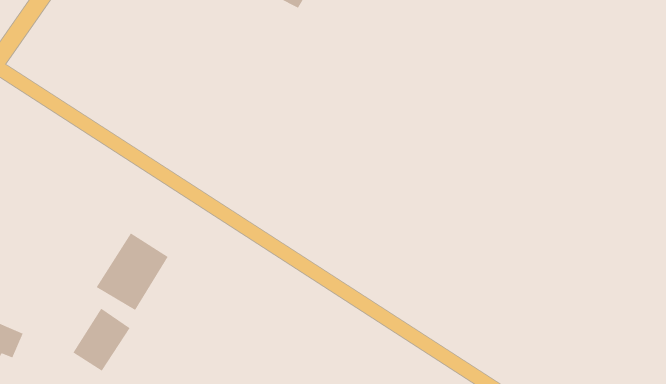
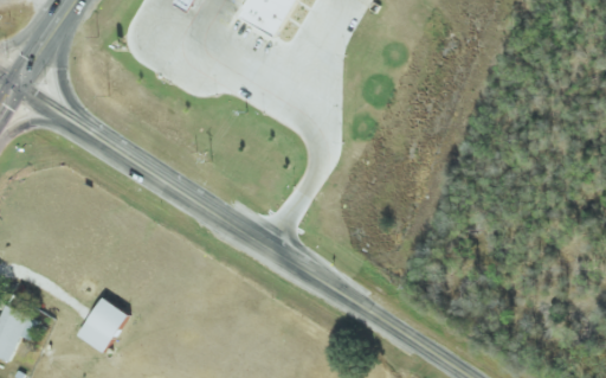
building: [96,232,169,311] -> none

